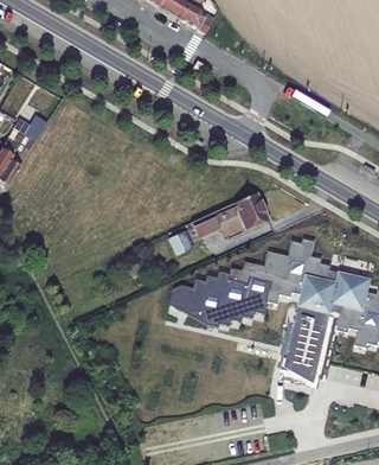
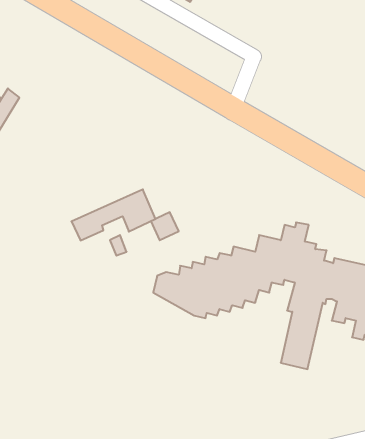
building: [190,191,268,238] -> [71,189,156,240]
building: [283,313,329,383] -> none

